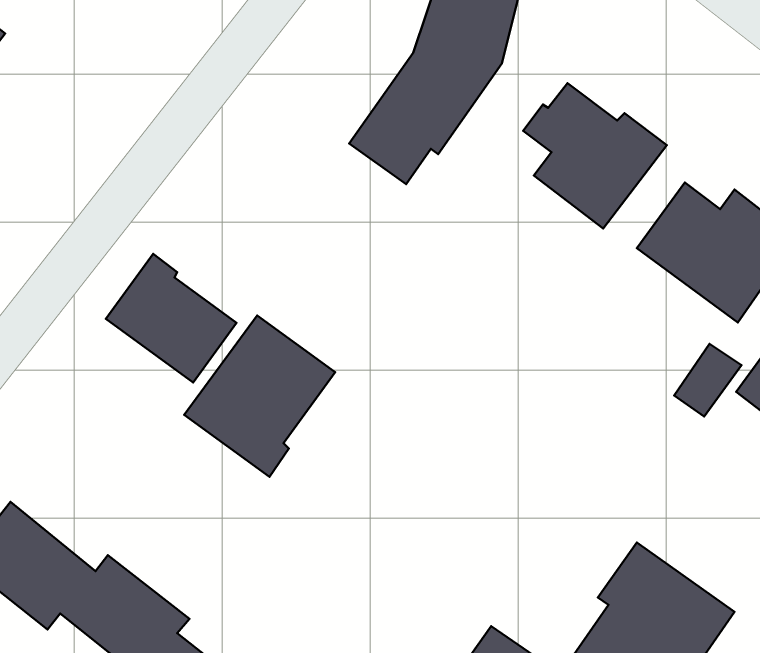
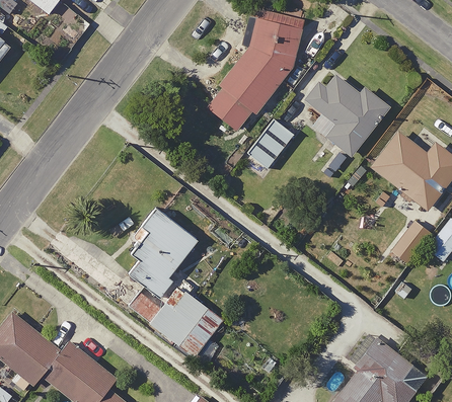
building: none -> [250,123,294,168]
building: [106,254,237,382] -> none
building: none -> [149,290,223,357]

